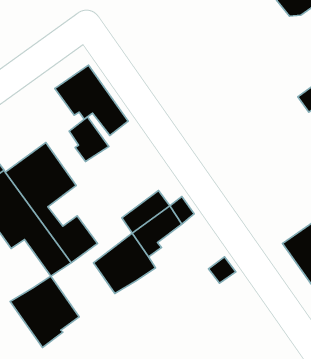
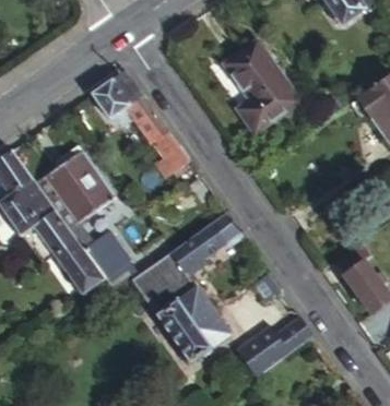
building: none -> [227,46,298,134]
building: [69,117,109,162] -> [150,131,192,179]
building: [10,276,79,347] -> [155,288,229,365]
building: none -> [238,318,316,377]

